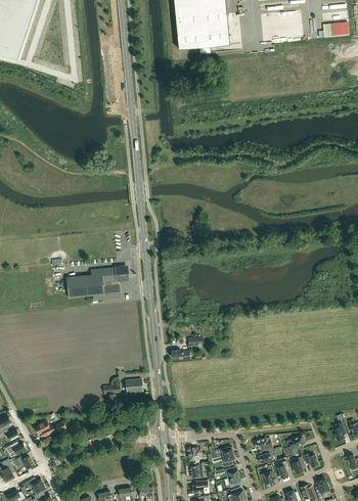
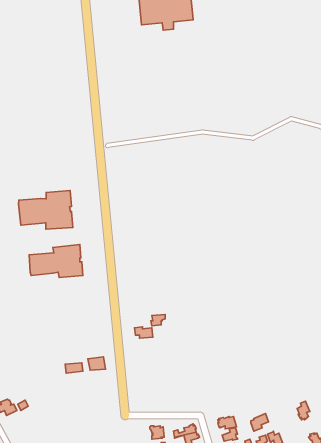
building: none -> [18,190,73,229]

